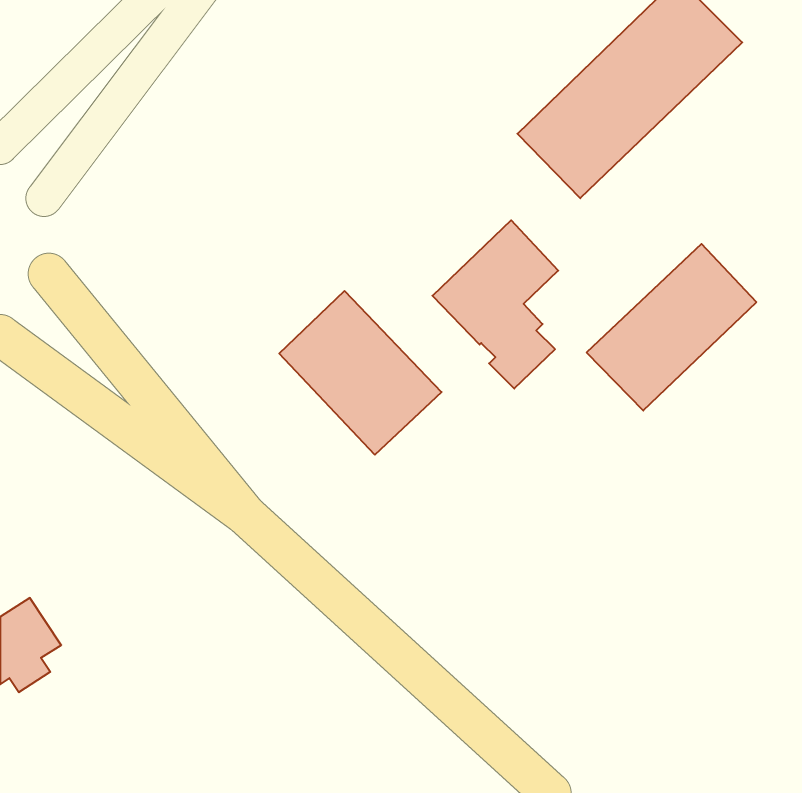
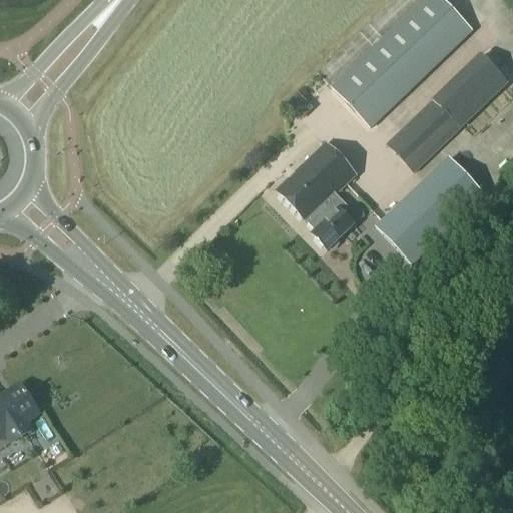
building: none -> [387,52,507,170]
building: [279,291,442,455] -> none

